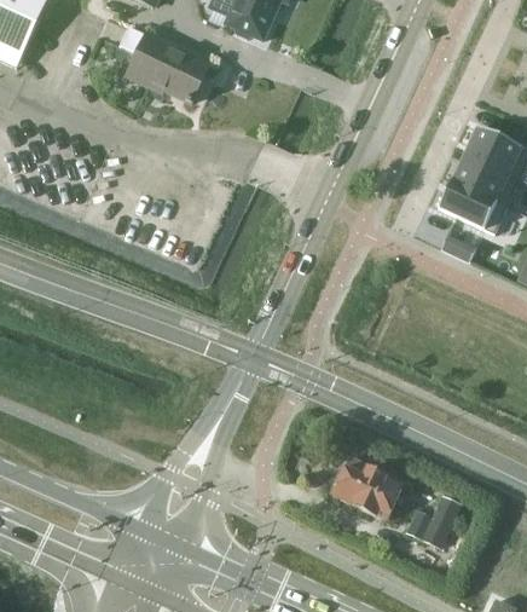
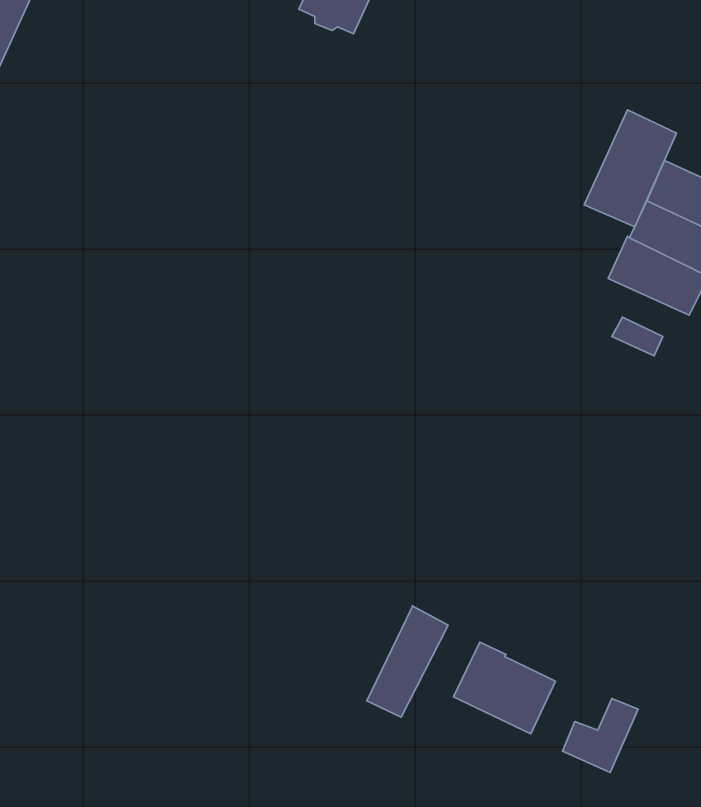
building: [118,25,207,100] -> none
building: none -> [584,110,676,227]
building: none -> [367,606,448,717]

